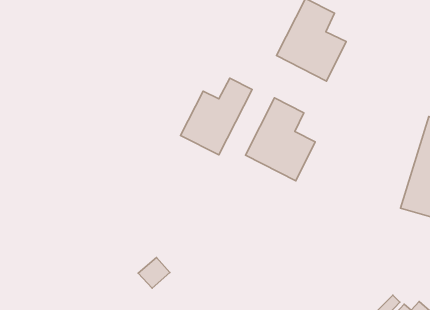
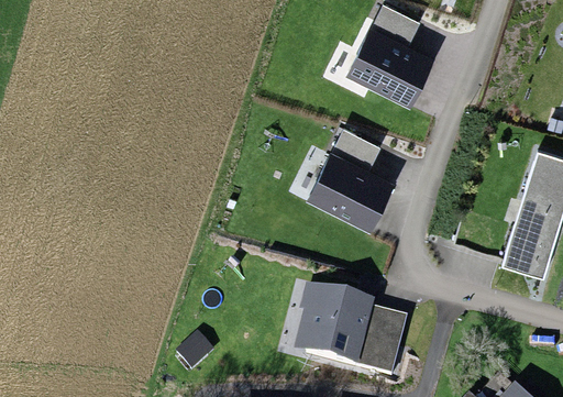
building: [181,78,252,155] -> none
building: none -> [295,278,406,371]

